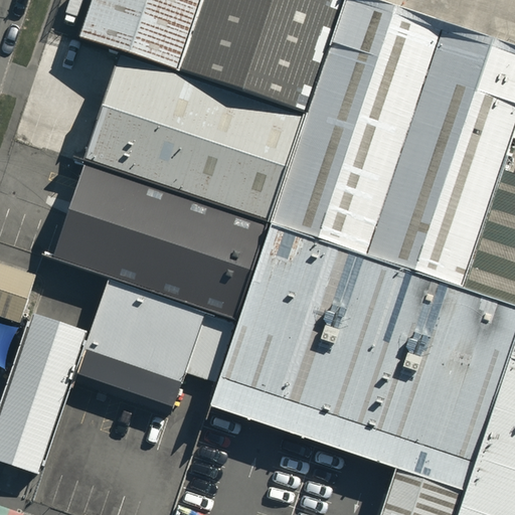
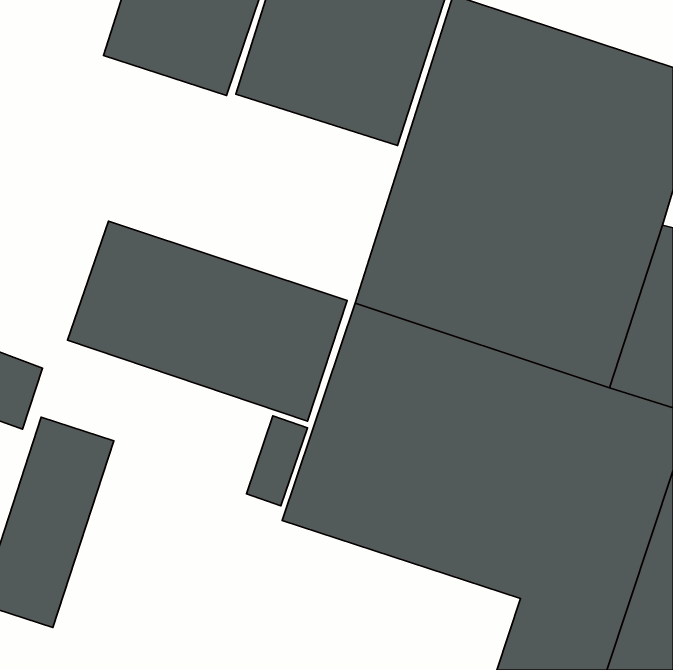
building: [83,58,300,221] -> none
building: [75,282,204,408] -> none

